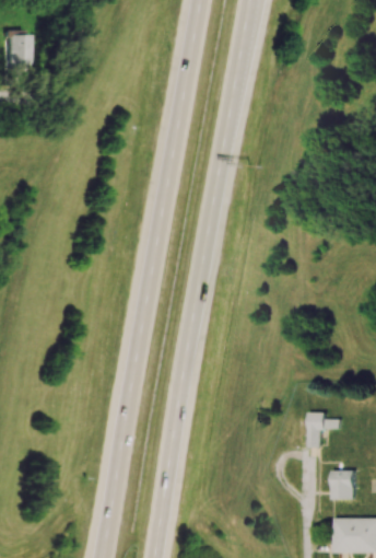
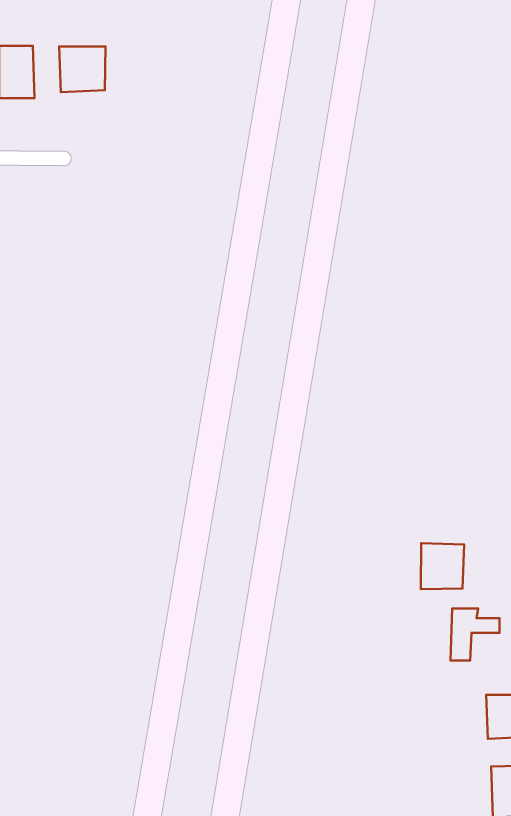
building: none -> [59,46,105,92]
building: none -> [421,543,464,589]

